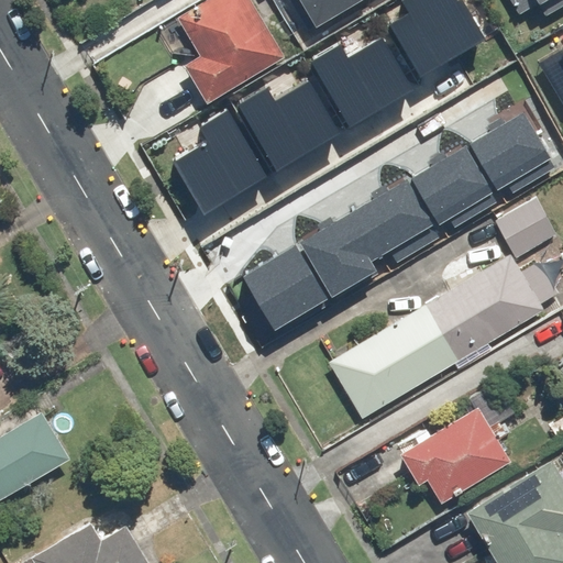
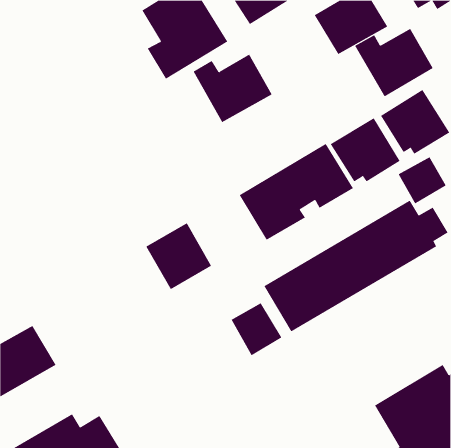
building: [314,31,413,117] -> [354,28,434,97]
building: [175,104,266,205] -> none
building: [242,251,324,334] -> [146,223,212,290]
building: none -> [231,302,282,356]
building: [397,406,510,504] -> none

